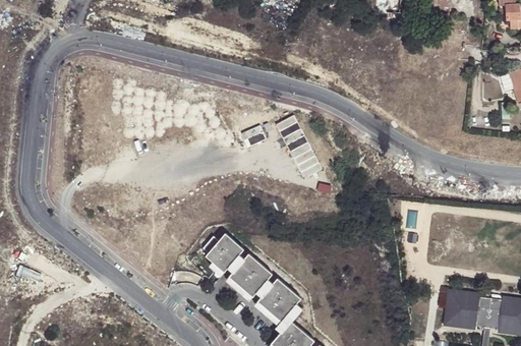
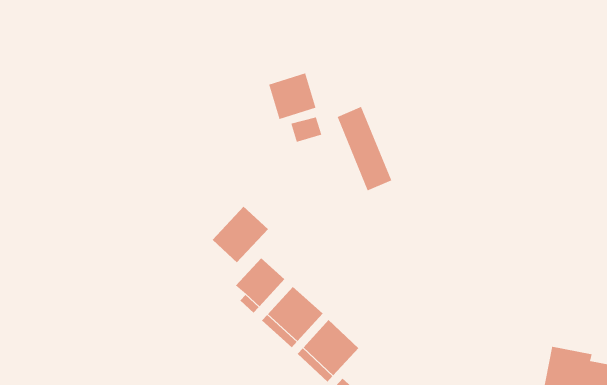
building: none -> [268,72,316,120]
building: none -> [212,206,269,263]

